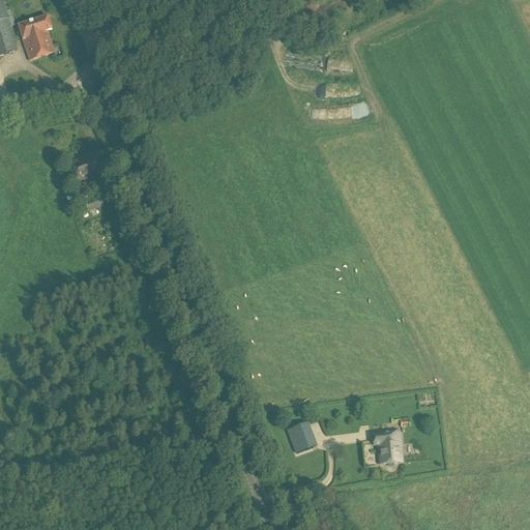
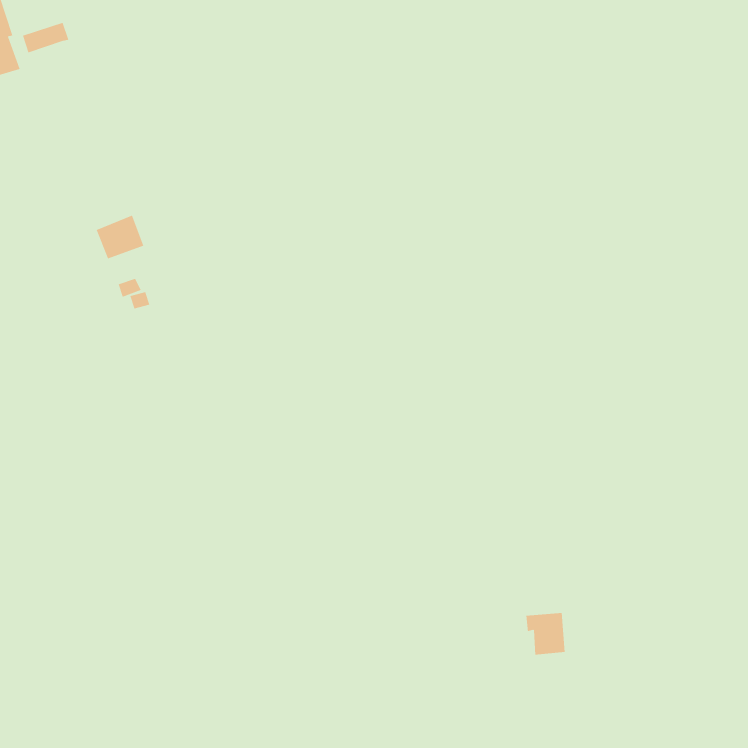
building: [20,29,52,59] -> none
building: [289,419,318,451] -> none

